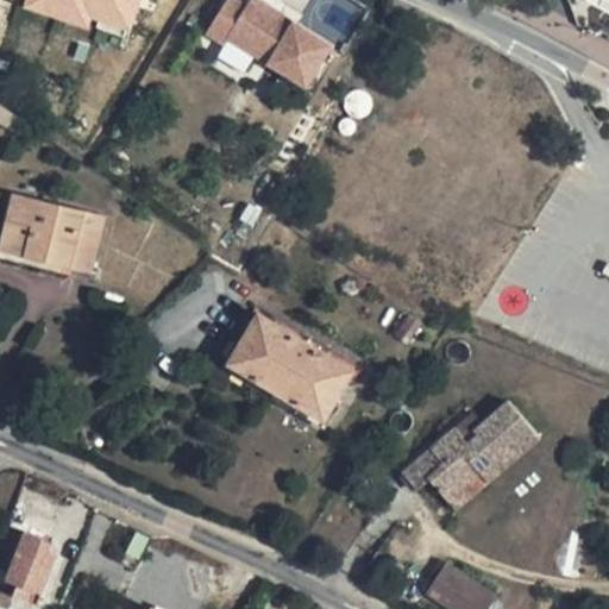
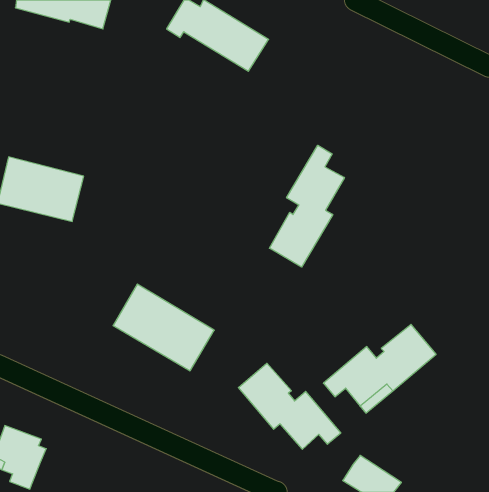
building: none -> [269,145,344,267]
building: [226,314,351,421] -> [113,284,214,371]
building: none -> [238,363,341,449]

